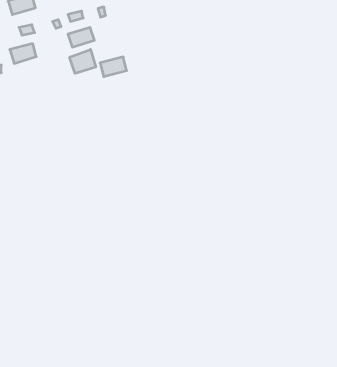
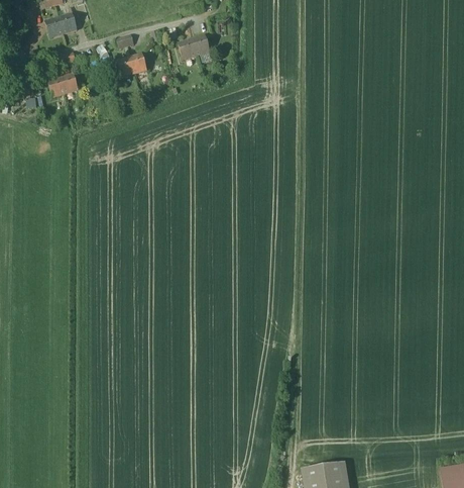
building: [70,49,96,73] -> none
building: [100,57,127,77] -> [179,36,210,60]

